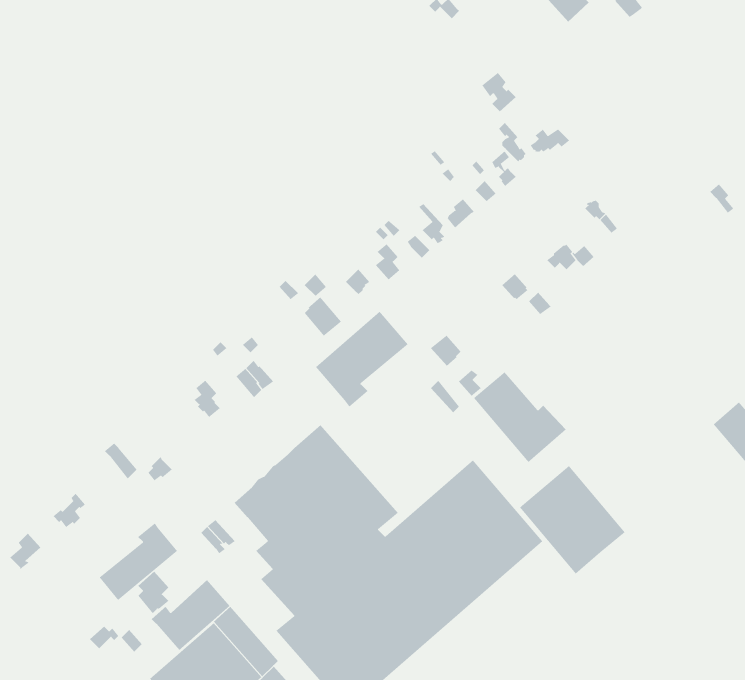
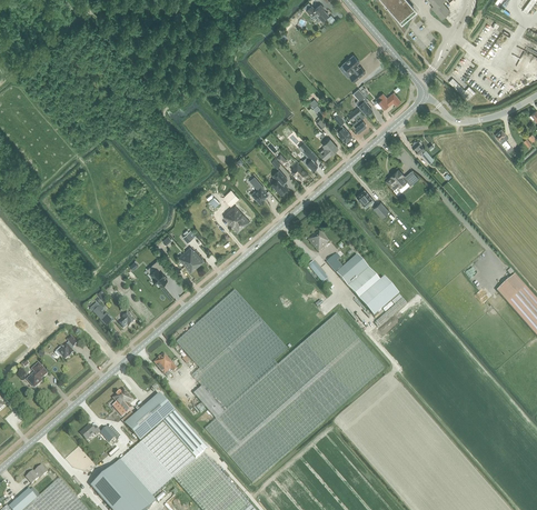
building: [315,311,409,407] -> none
building: [519,465,626,575] -> none
building: [99,522,178,601] -> none

